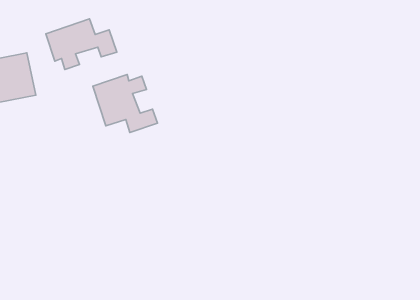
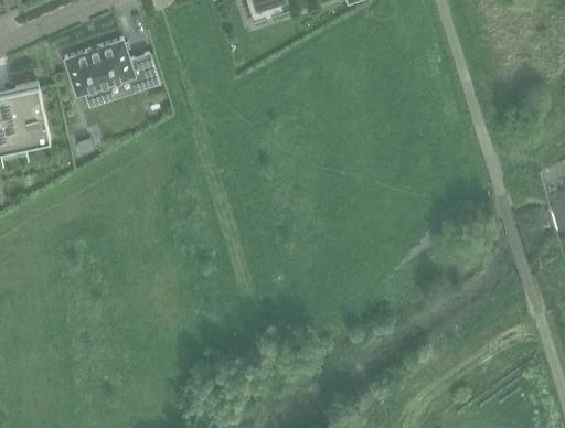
building: [93,75,158,132] -> none

